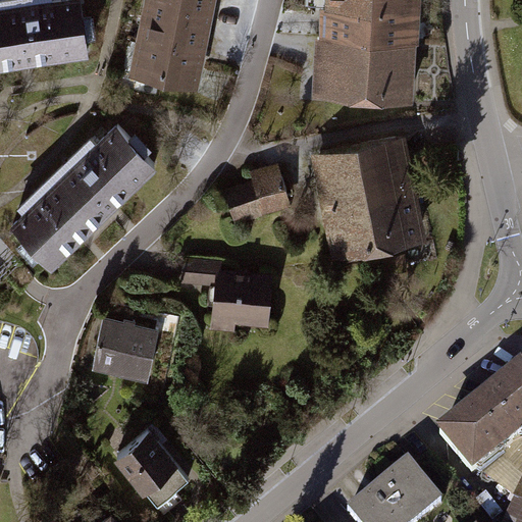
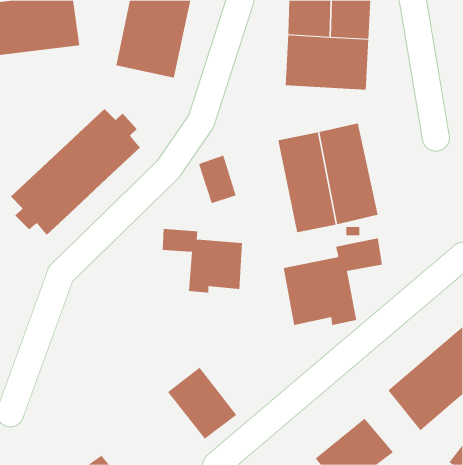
building: [251,166,290,219] -> none
building: none -> [283,238,383,326]
building: [89,312,159,380] -> none
building: [110,426,189,508] -> [167,367,237,440]

